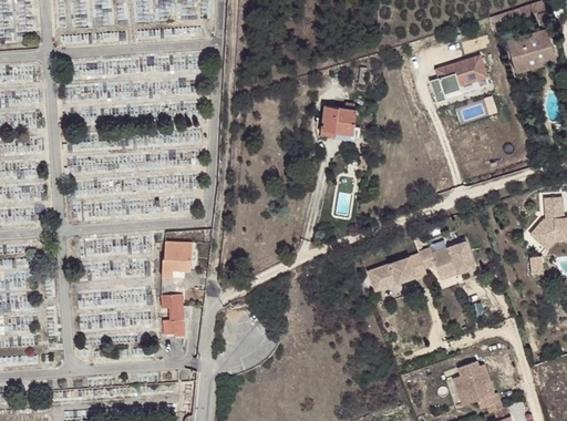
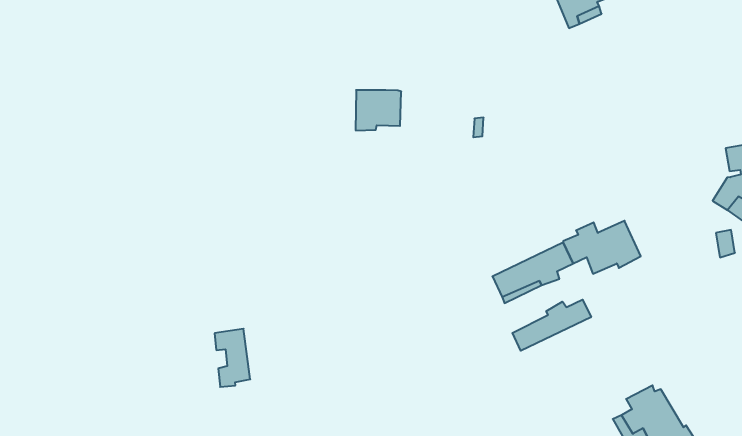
building: [322,103,358,133] -> [356,90,401,130]
building: [161,236,190,275] -> none
building: none -> [512,300,591,351]

